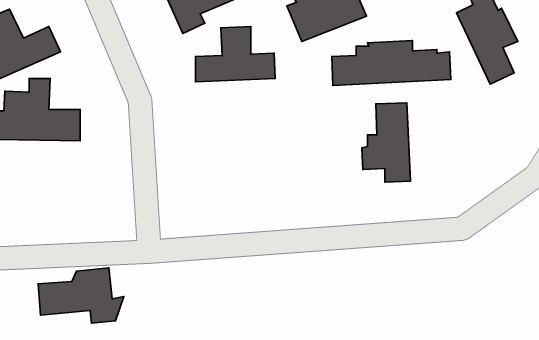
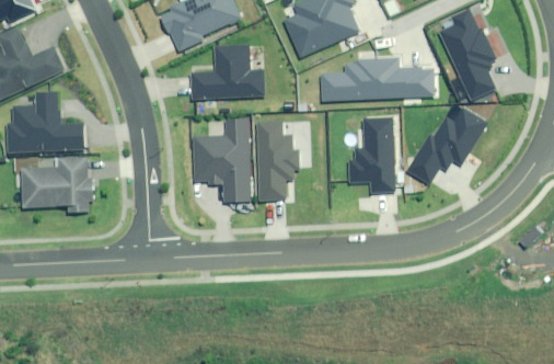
building: none -> [406,105,489,184]
building: none -> [194,115,252,202]
building: none -> [258,122,300,197]
building: [38,268,124,323] -> [16,160,97,213]

